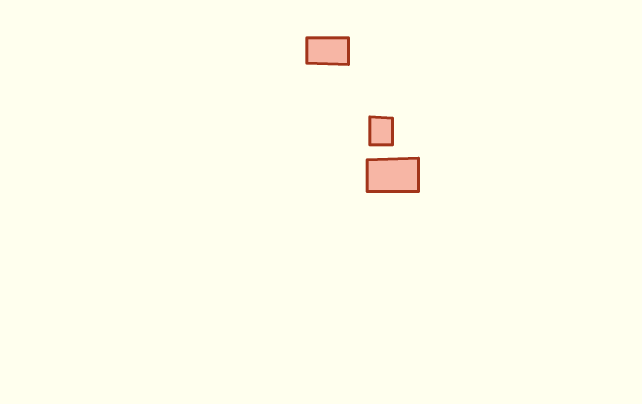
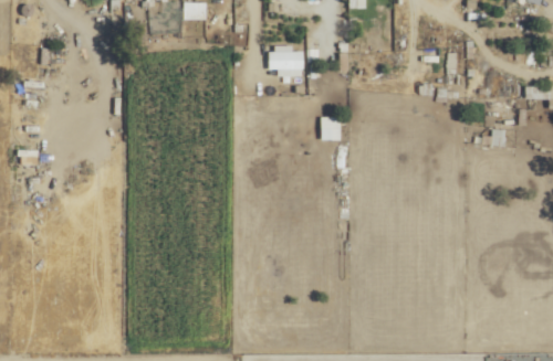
building: [367,158,418,191] -> none

